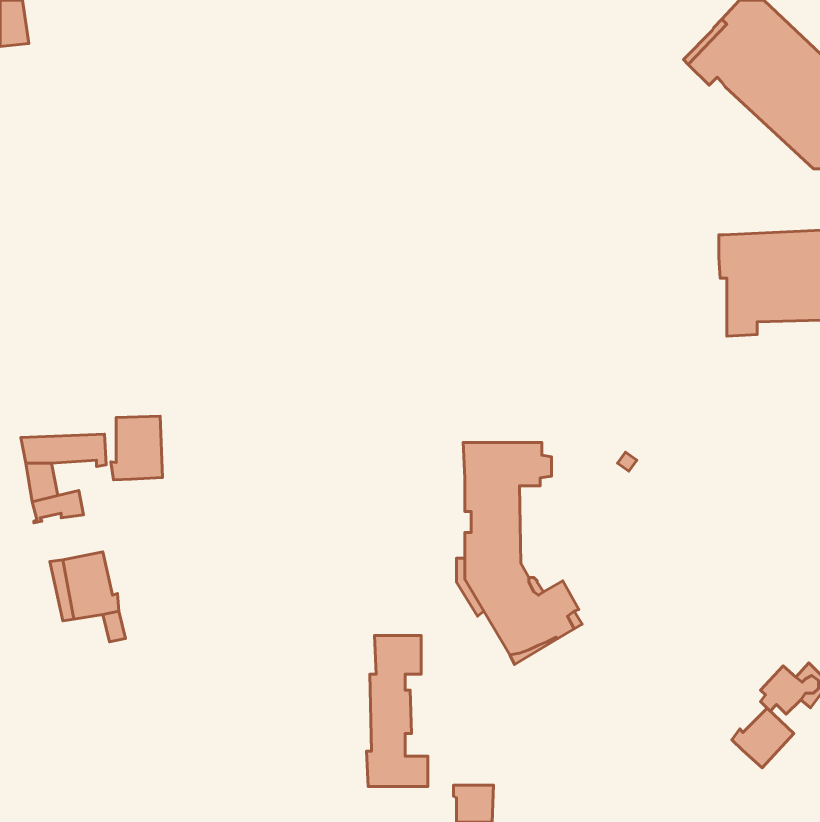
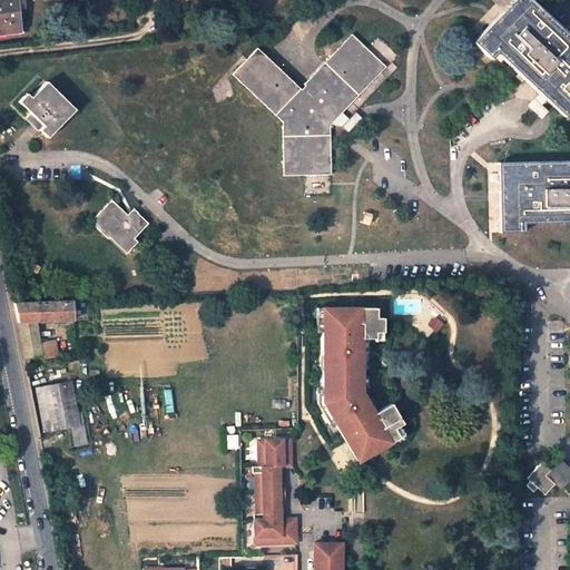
building: none -> [234,33,386,175]
building: none -> [20,80,76,137]
building: none -> [92,199,149,245]
building: [111,416,163,480] -> none
building: [732,708,794,768] -> none

